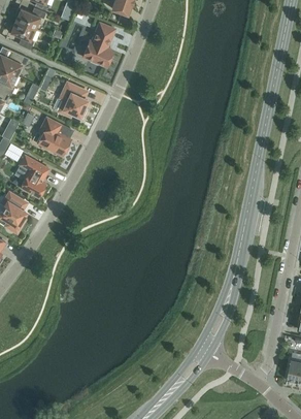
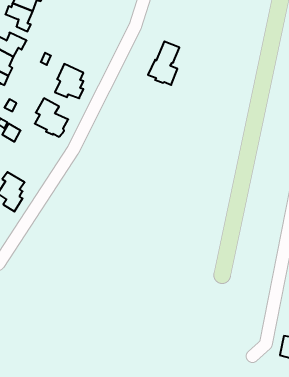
building: [82,22,114,66] -> [148,41,179,85]
building: [20,155,48,197] -> none

